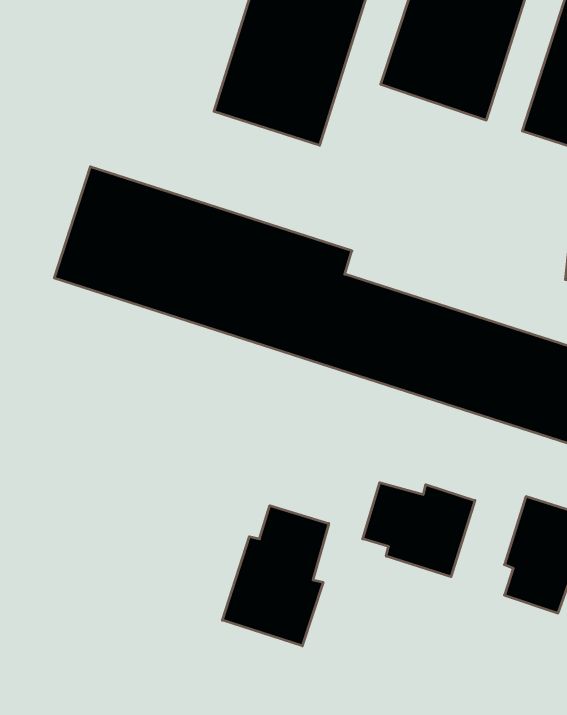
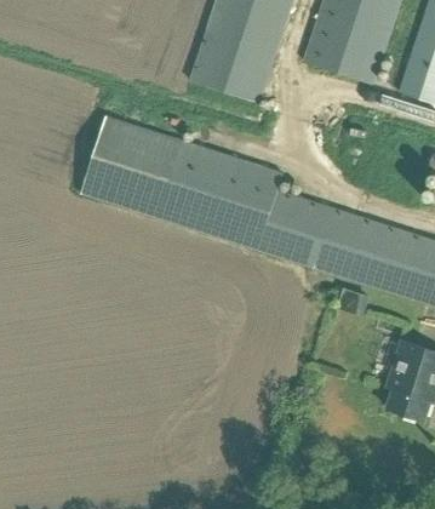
building: [363,483,475,577] -> none
building: [222,506,329,646] -> none

